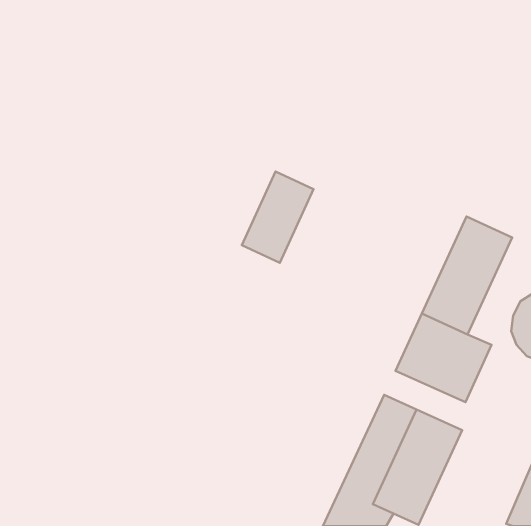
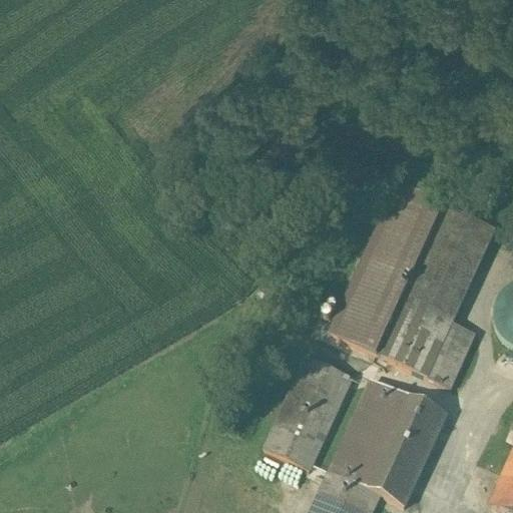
building: [242,171,313,263] -> none
building: none -> [330,183,445,354]
building: none -> [264,356,352,469]

